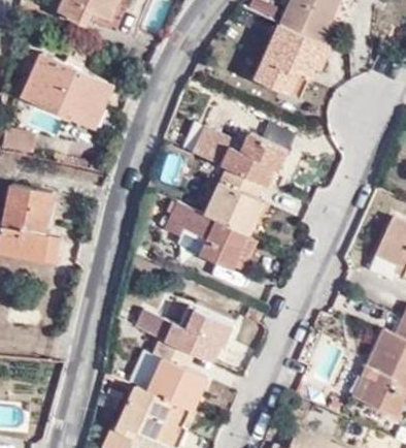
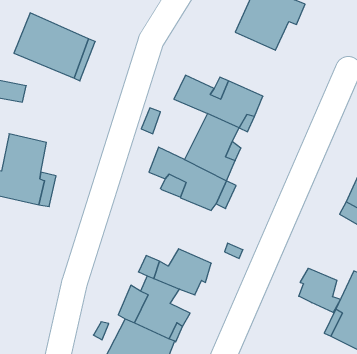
building: none -> [299,268,341,313]

